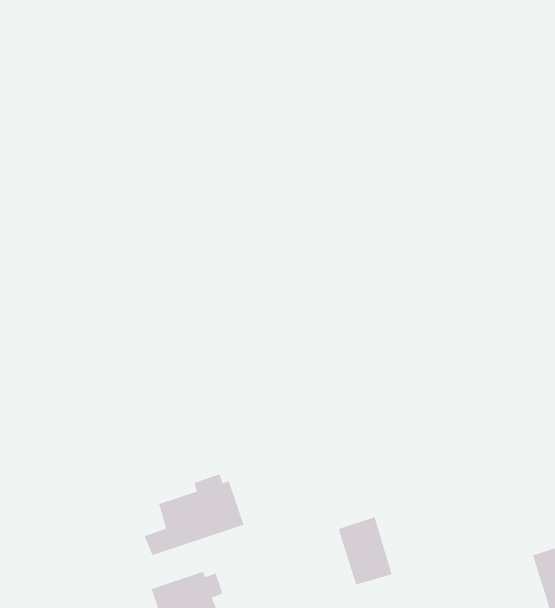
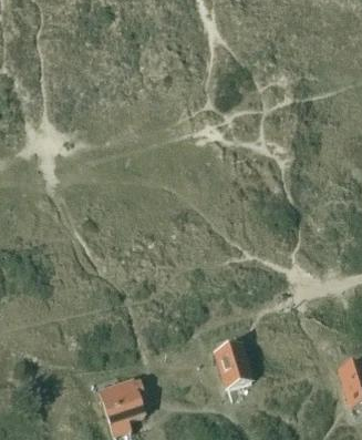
building: [144,474,244,556] -> none

